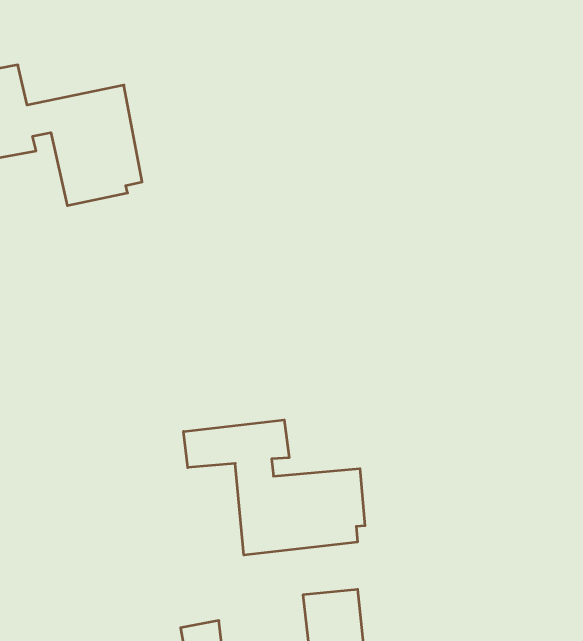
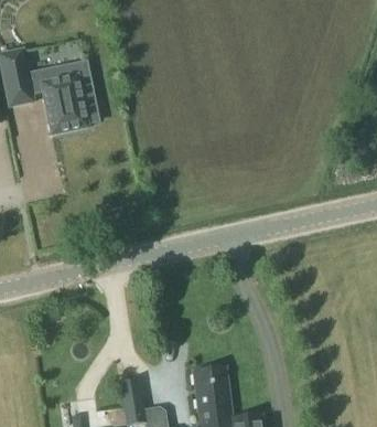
building: [184,420,365,555] -> none

